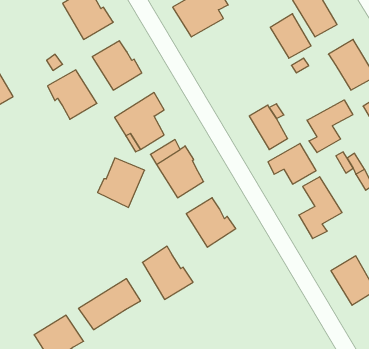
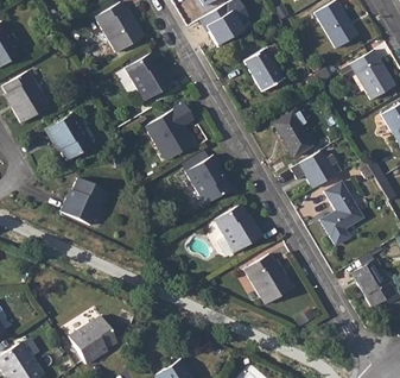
building: [270,14,311,58] -> [245,48,284,90]
building: [48,70,97,119] -> [45,111,93,158]
building: [307,100,353,153] -> none
building: [98,158,145,207] -> [59,176,104,223]
building: [142,246,193,299] -> [243,250,292,301]
building: [79,279,140,330] -> none

